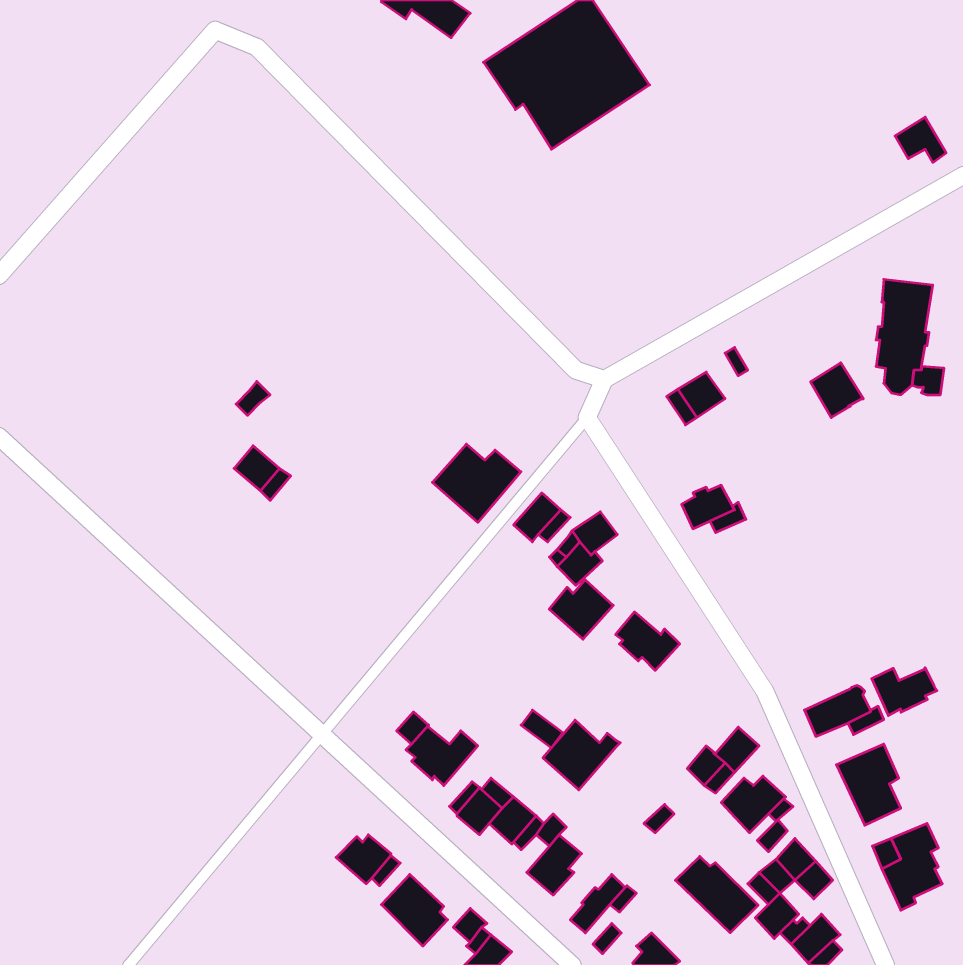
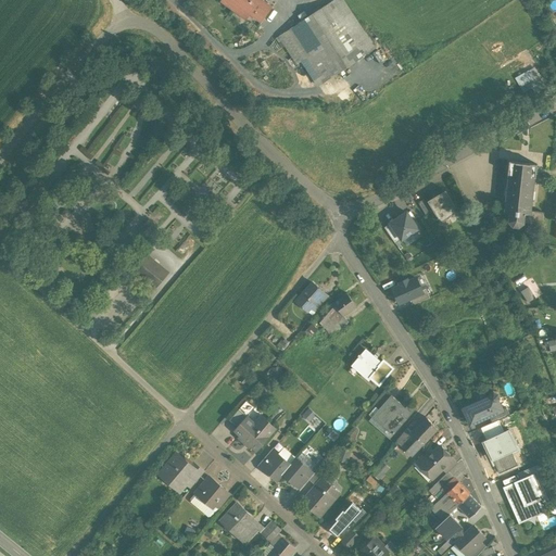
building: [811,363,863,418] -> [427,191,457,223]
building: [432,444,521,522] -> none
building: [549,580,613,639] -> none
building: [872,668,937,716] -> none
building: [543,720,620,790] -> [371,395,416,435]
building: none -> [161,454,203,488]
building: [675,856,758,933] -> none

